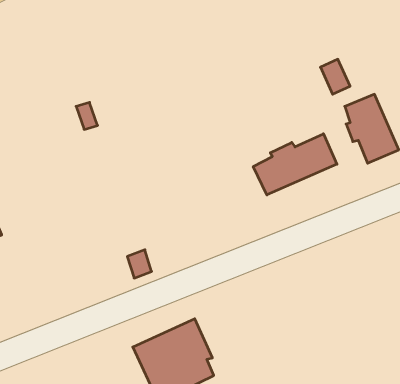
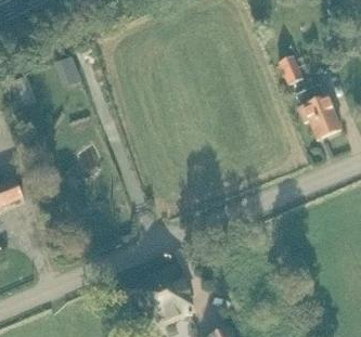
building: [253,134,337,195] -> none

